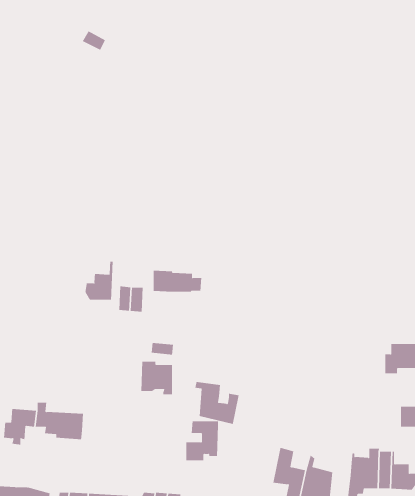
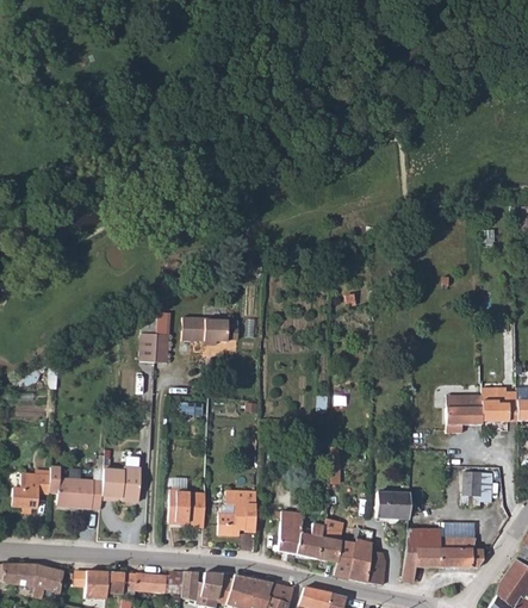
building: [85,261,113,301] -> none
building: [141,361,173,395] -> [168,490,205,528]
building: [195,382,240,424] -> [273,510,324,559]
building: none -> [101,465,139,502]
building: none -> [375,492,409,520]

